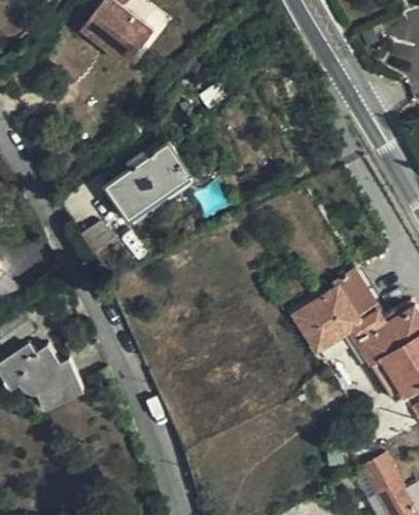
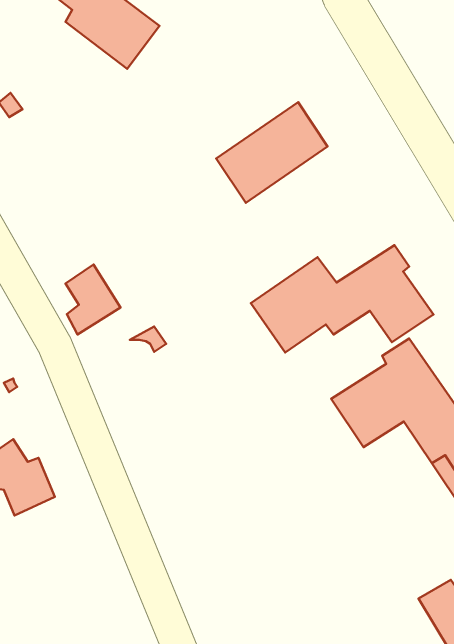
building: [105,143,190,220] -> [216,102,328,203]
building: none -> [251,245,433,353]

